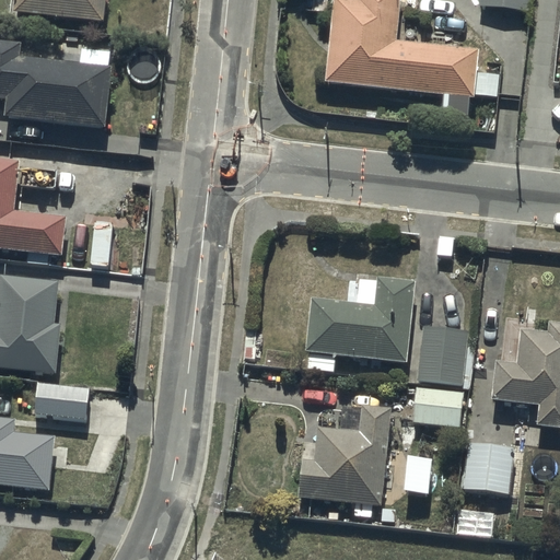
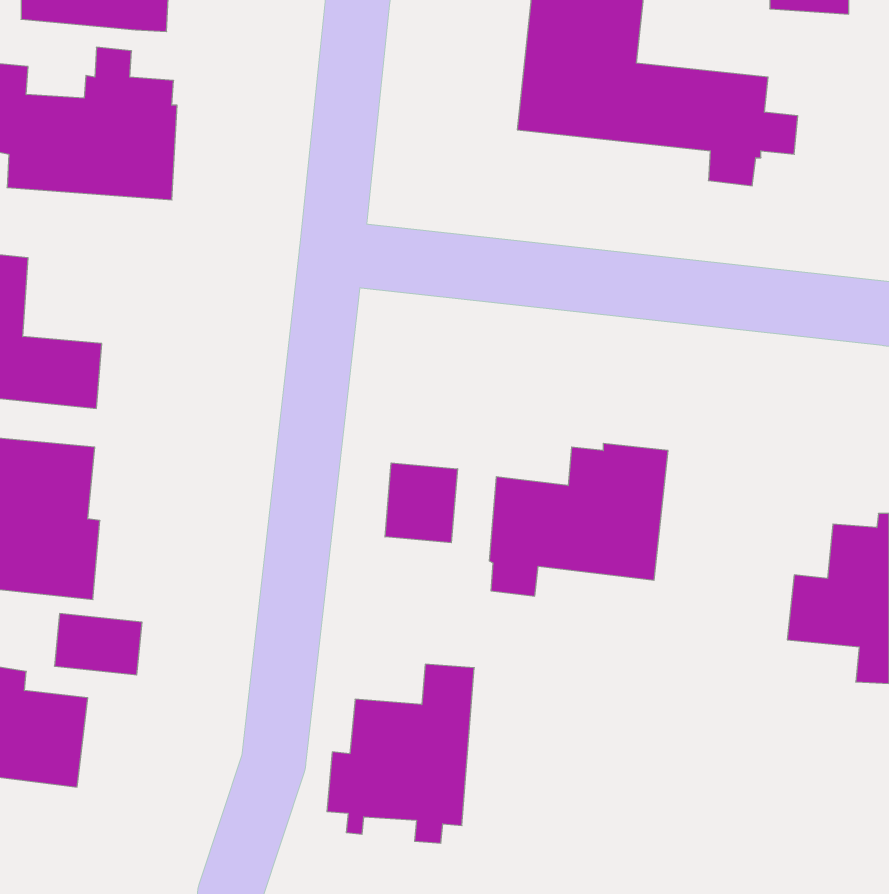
building: none -> [385,463,458,543]
building: [416,326,469,386] -> none
building: [411,388,463,428] -> none
building: [299,405,390,516] -> [327,664,474,843]
building: [462,442,514,493] -> none

